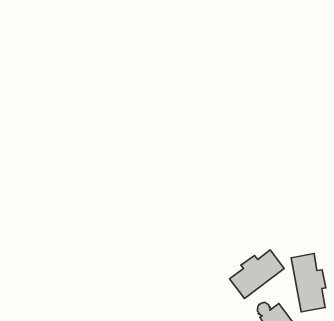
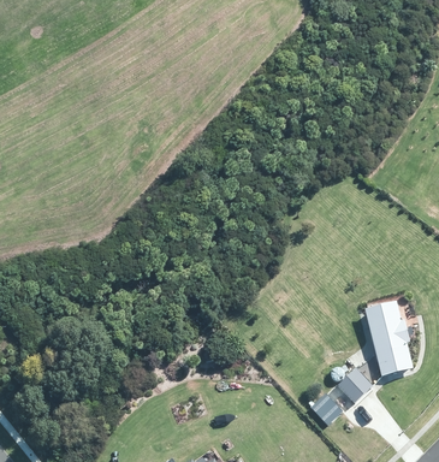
building: [229,250,284,298] -> none

